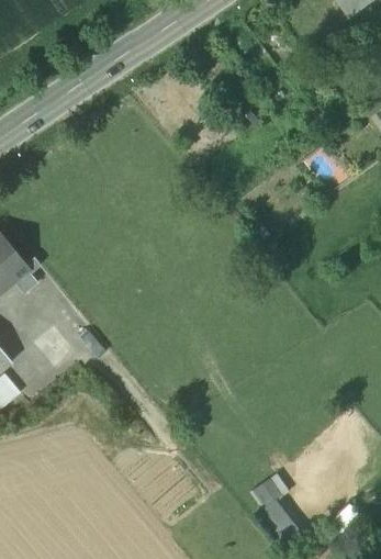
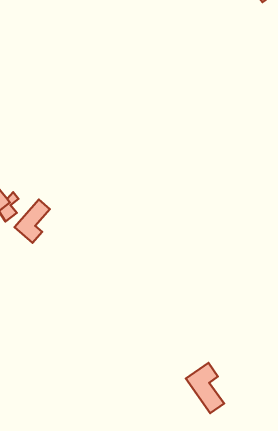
building: none -> [14,200,50,243]

